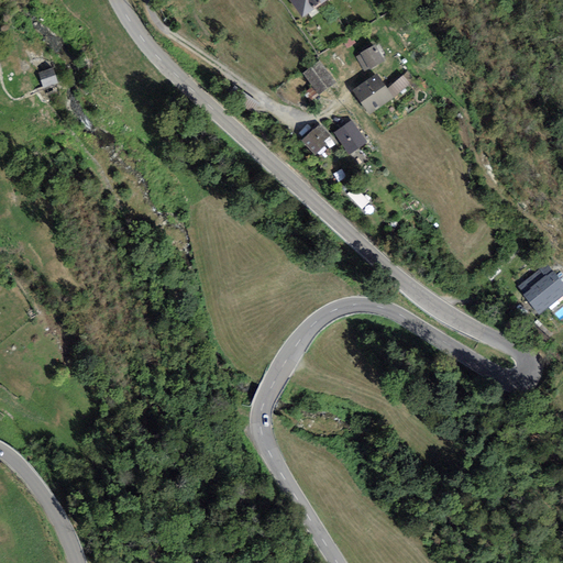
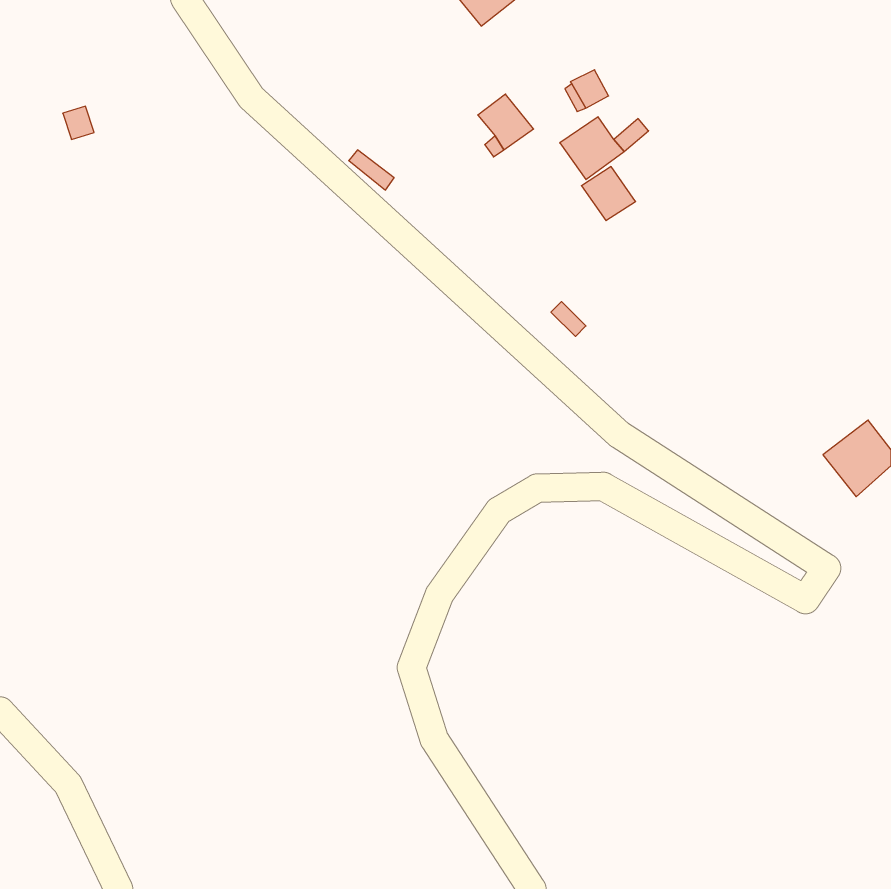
building: [333,120,367,154] -> [581,167,636,221]
building: [301,123,330,155] -> none

